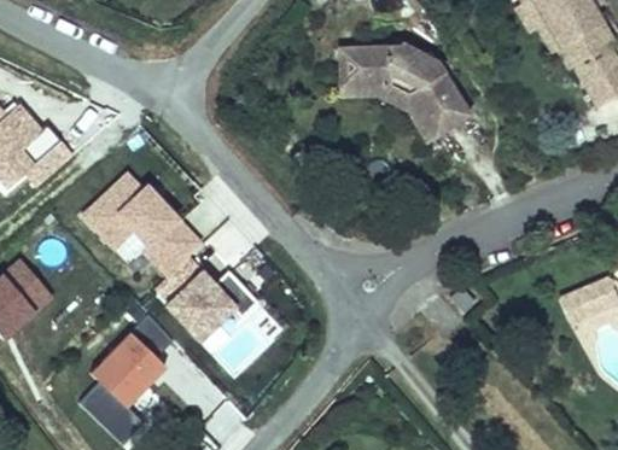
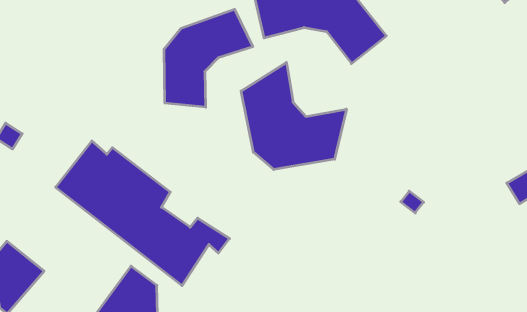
building: none -> [164,9,253,107]
building: none -> [241,62,346,170]

